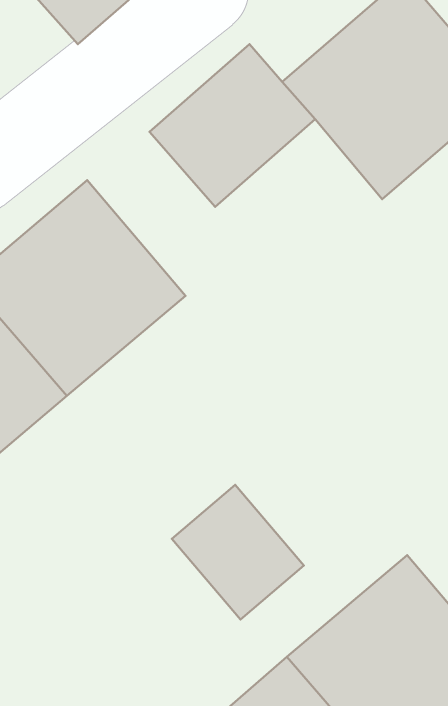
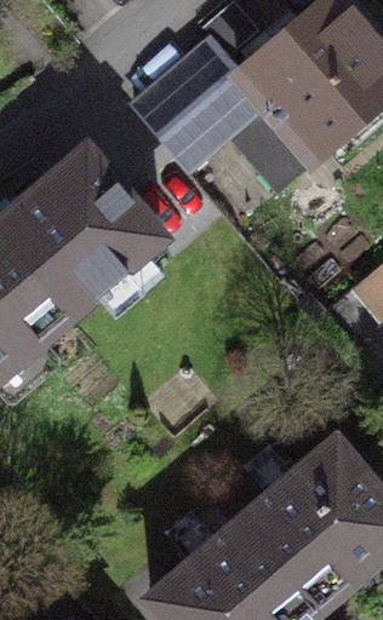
building: [172,485,304,620] -> none

